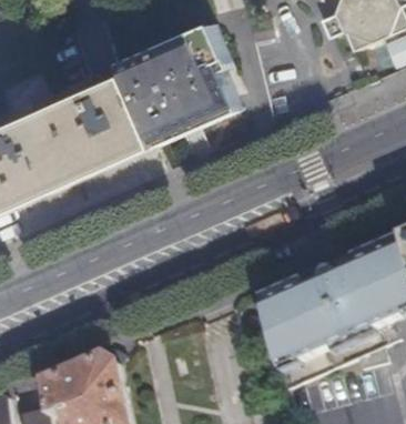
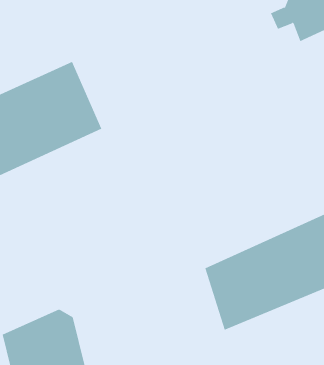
building: [110,26,241,147] -> none

